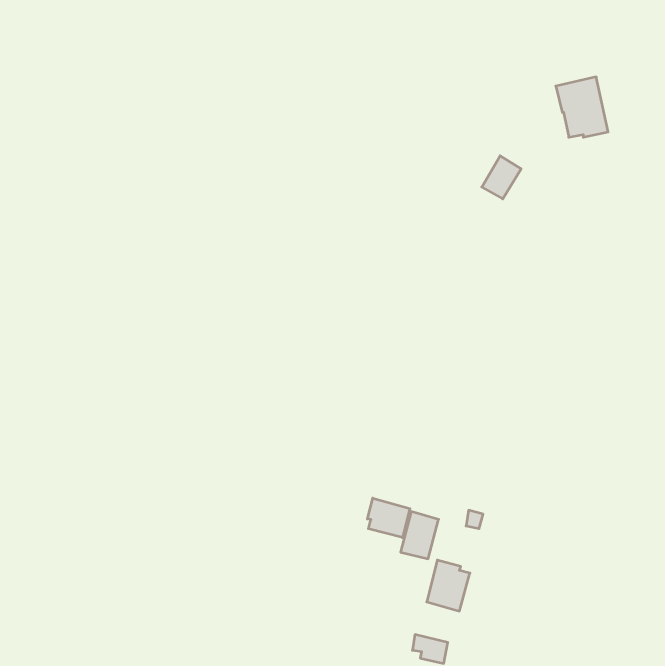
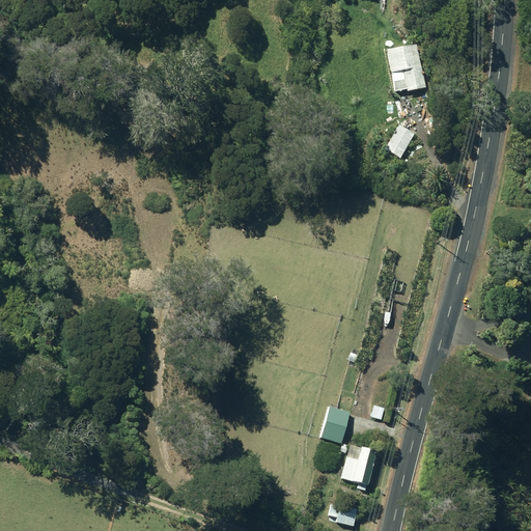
building: [556,77,608,137] -> [386,44,427,91]
building: [367,498,410,538] -> none

